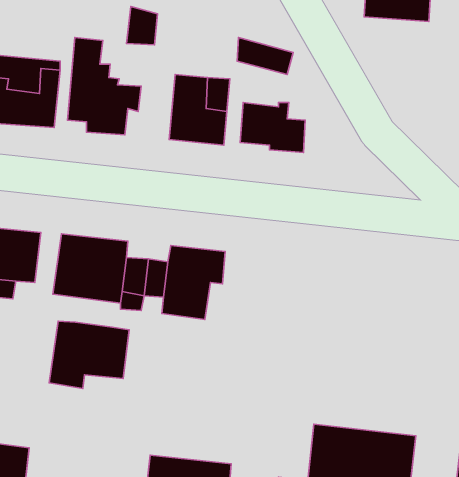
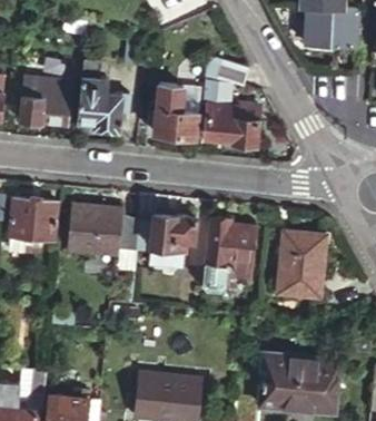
building: none -> [202,221,255,290]
building: none -> [275,233,327,296]
building: [49,321,129,388] -> none

